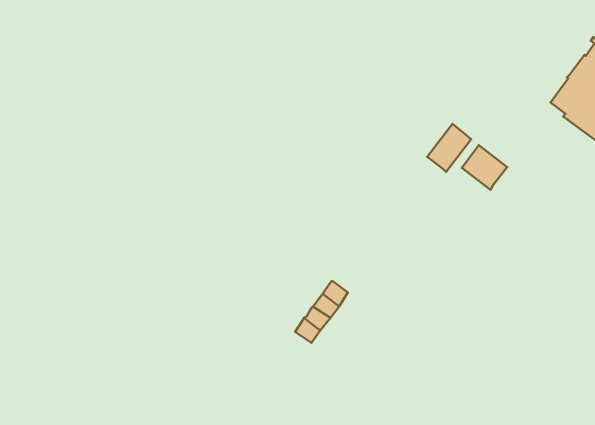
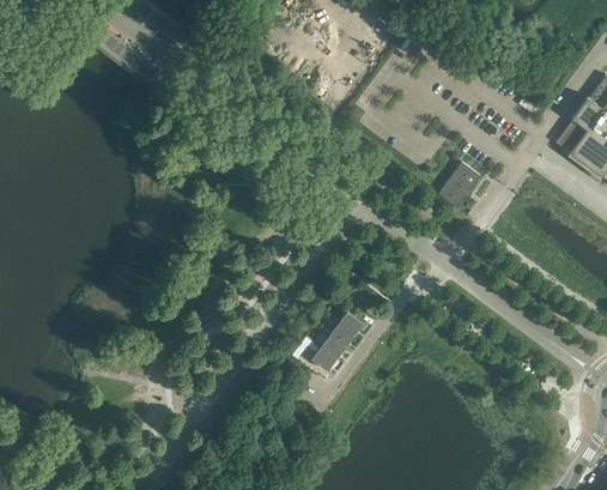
building: [462,145,507,190] -> none

